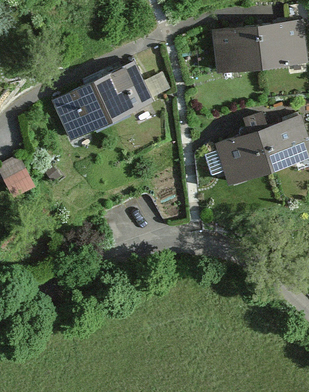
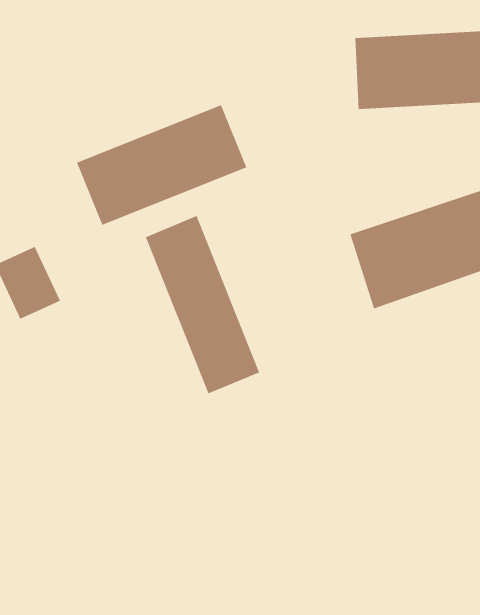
building: none -> [145,215,260,394]

